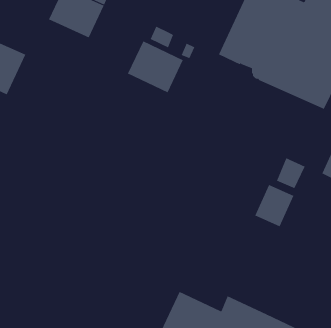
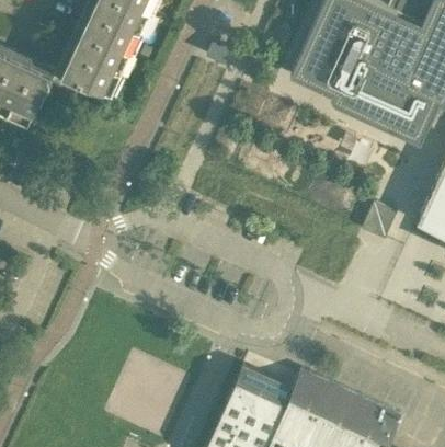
building: none -> [61,34,130,99]
building: [127,41,184,93] -> none
building: [255,184,294,227] -> none

